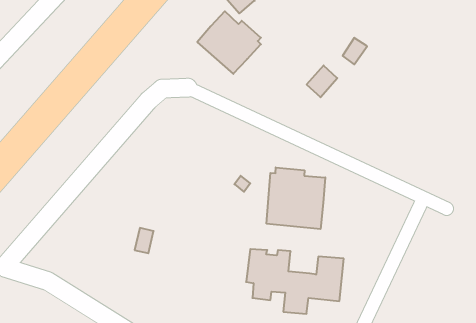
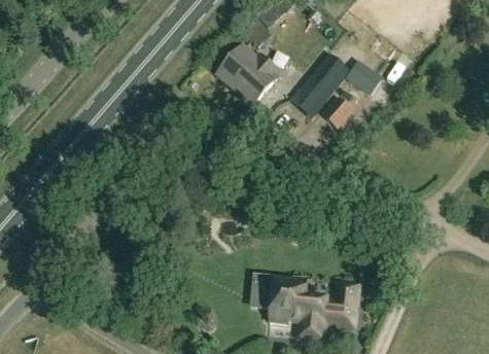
building: none -> [291,55,349,116]
building: [267,167,325,229] -> none

